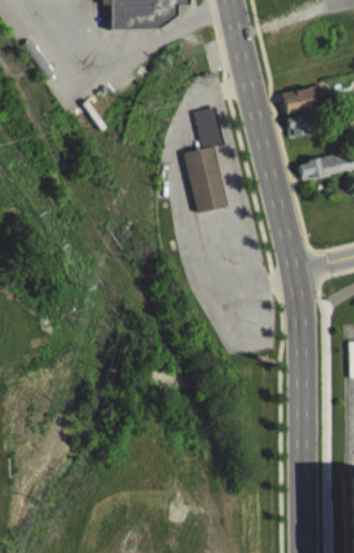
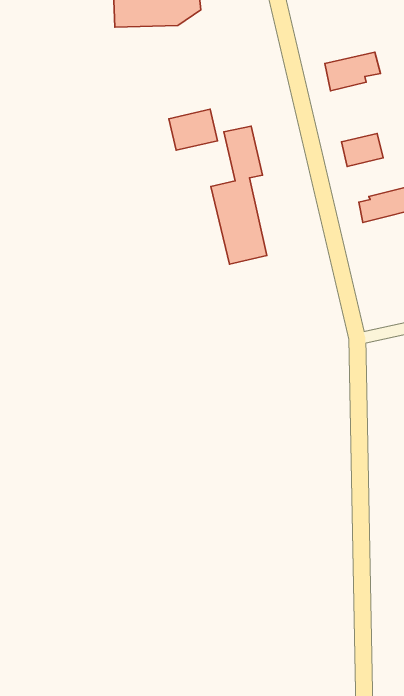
building: [284,82,327,112] -> [325,52,381,91]
building: none -> [169,109,218,150]

